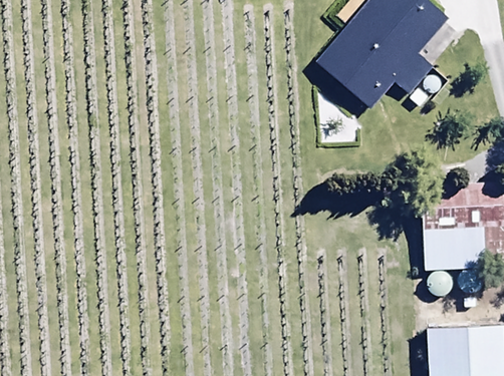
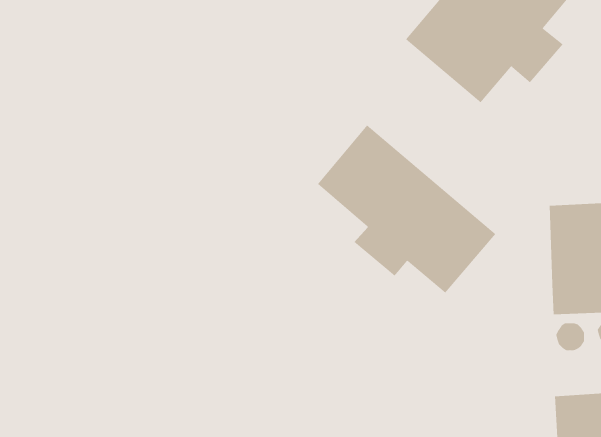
building: none -> [317,124,496,294]

